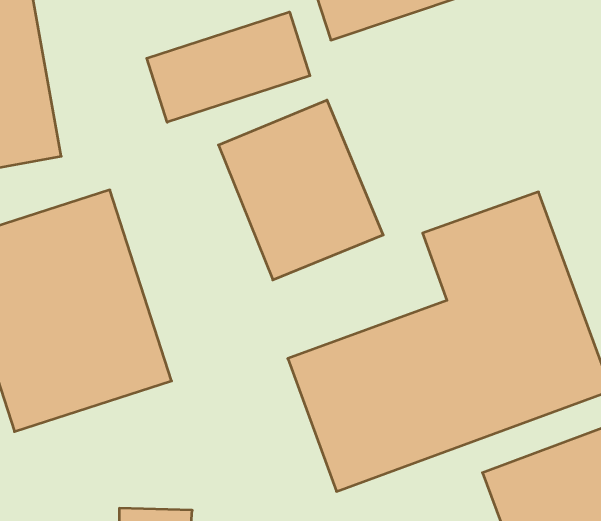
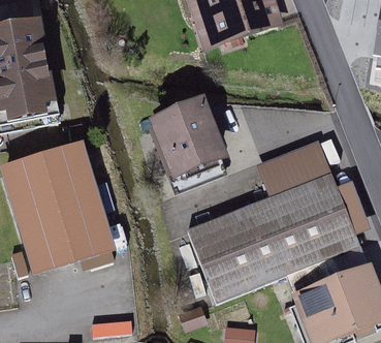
building: [147,12,310,122] -> none

